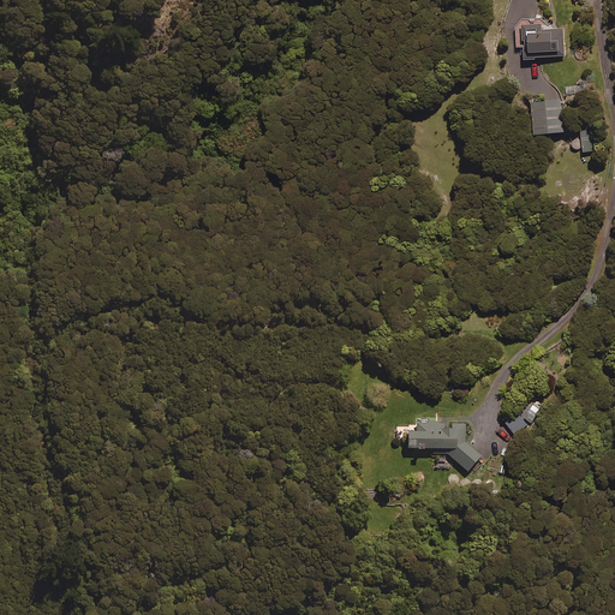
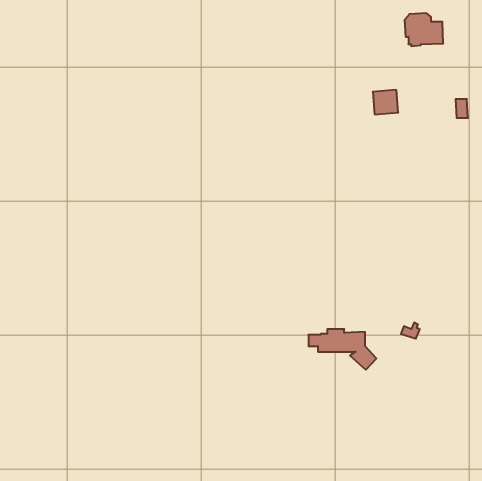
building: [531,102,563,133] -> [373,90,398,114]

